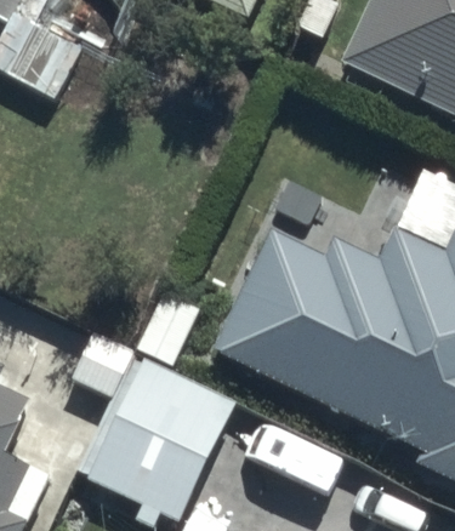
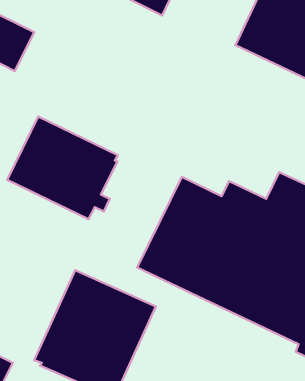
building: none -> [7,117,118,219]

